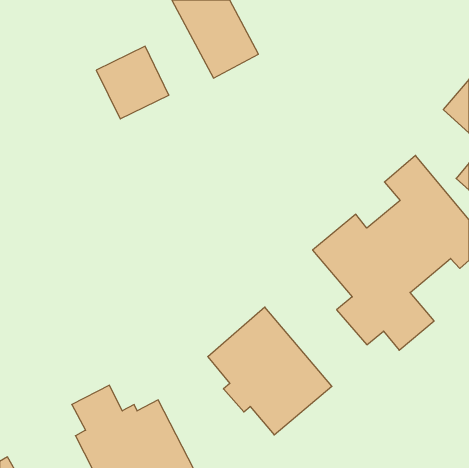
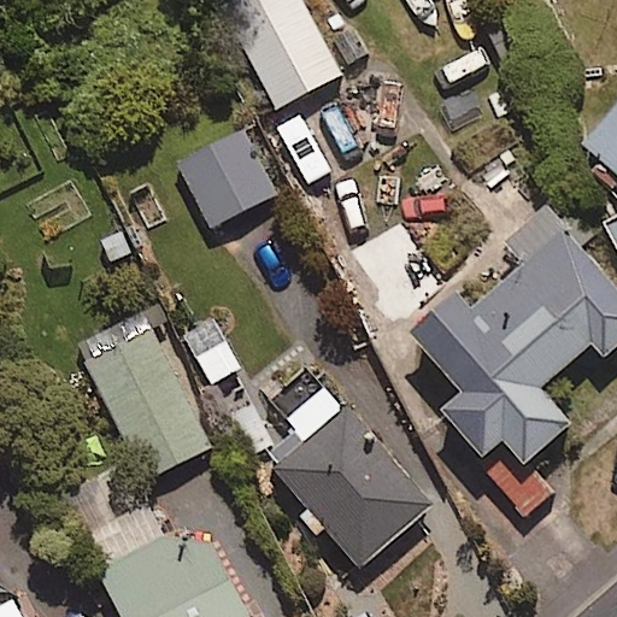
building: [96,46,169,119] -> [180,131,275,227]
building: none -> [84,329,208,480]

